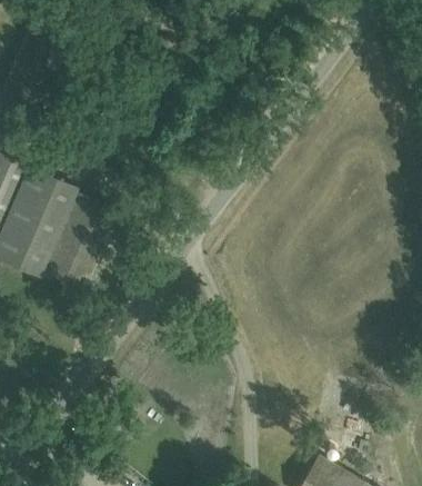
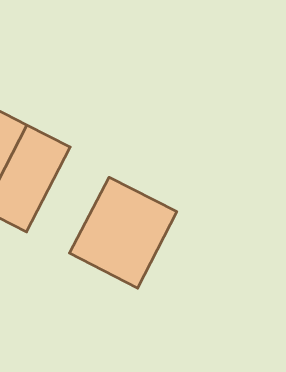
building: none -> [69,177,177,288]

